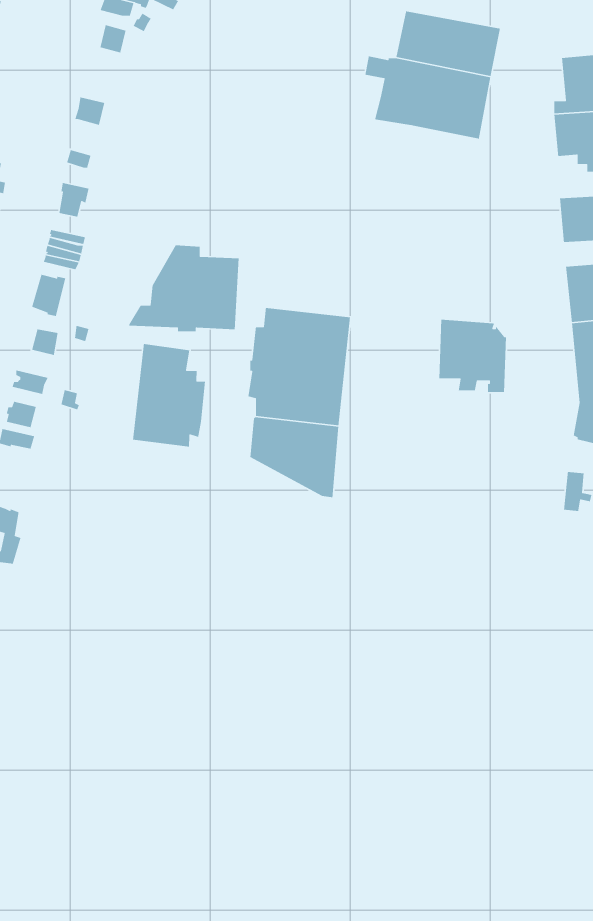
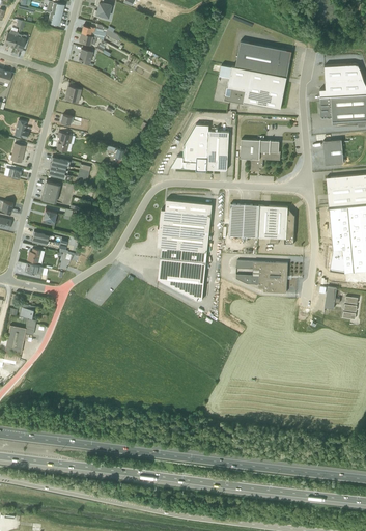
building: none -> [241,139,280,171]
building: [128,244,239,332] -> [170,124,229,171]
building: none -> [228,204,259,237]
building: [132,343,206,447] -> none
building: none -> [235,260,287,292]

